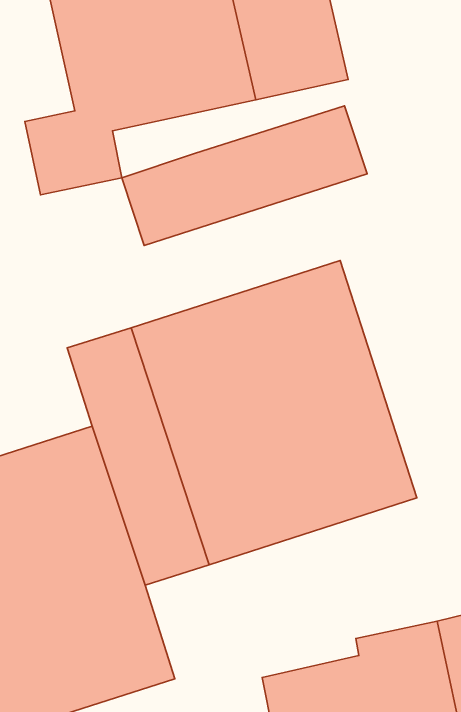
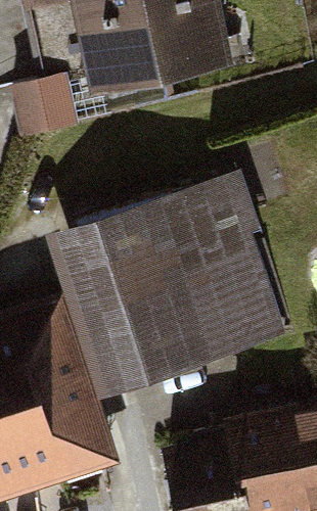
building: [122,106,367,246] -> none

